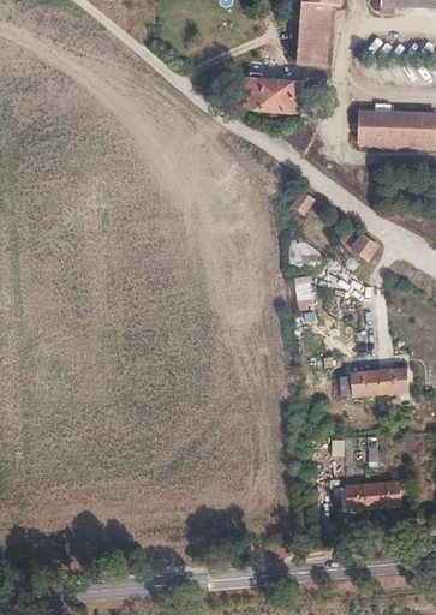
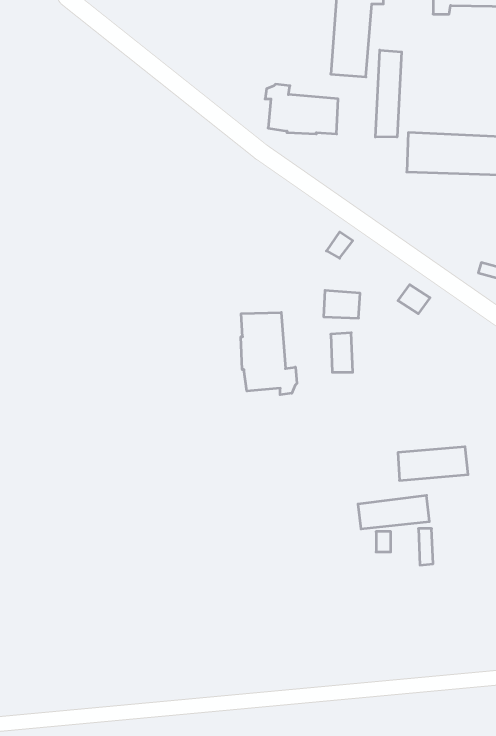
building: none -> [375,50,402,137]
building: none -> [241,312,297,395]
building: [341,483,400,510] -> [358,495,429,529]

